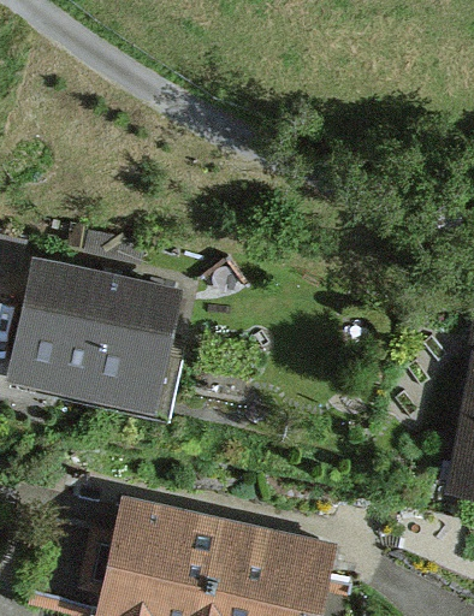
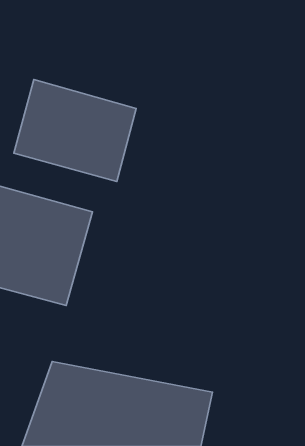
building: none -> [14,80,136,181]

